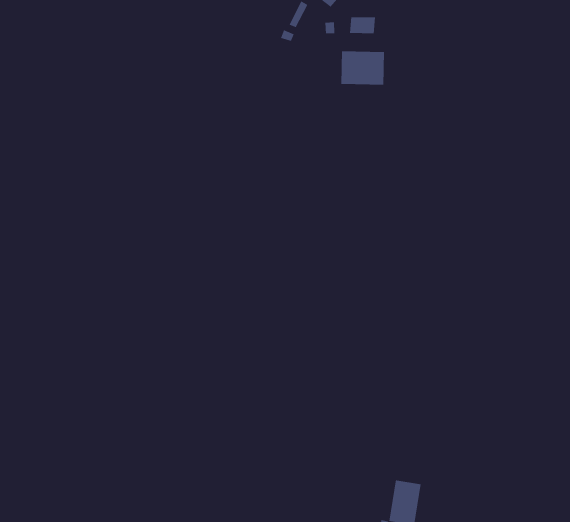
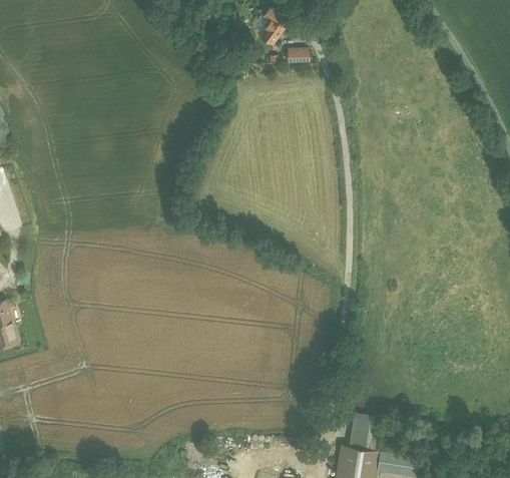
building: [341,51,384,86] -> none

